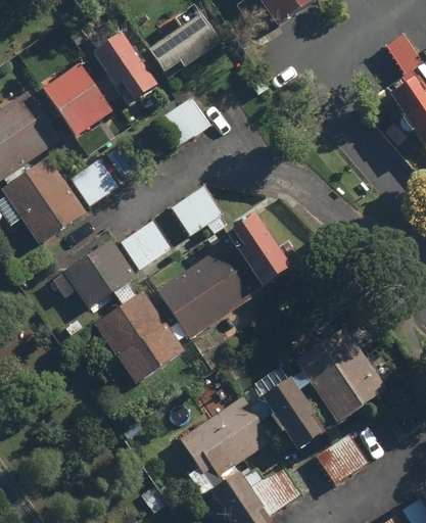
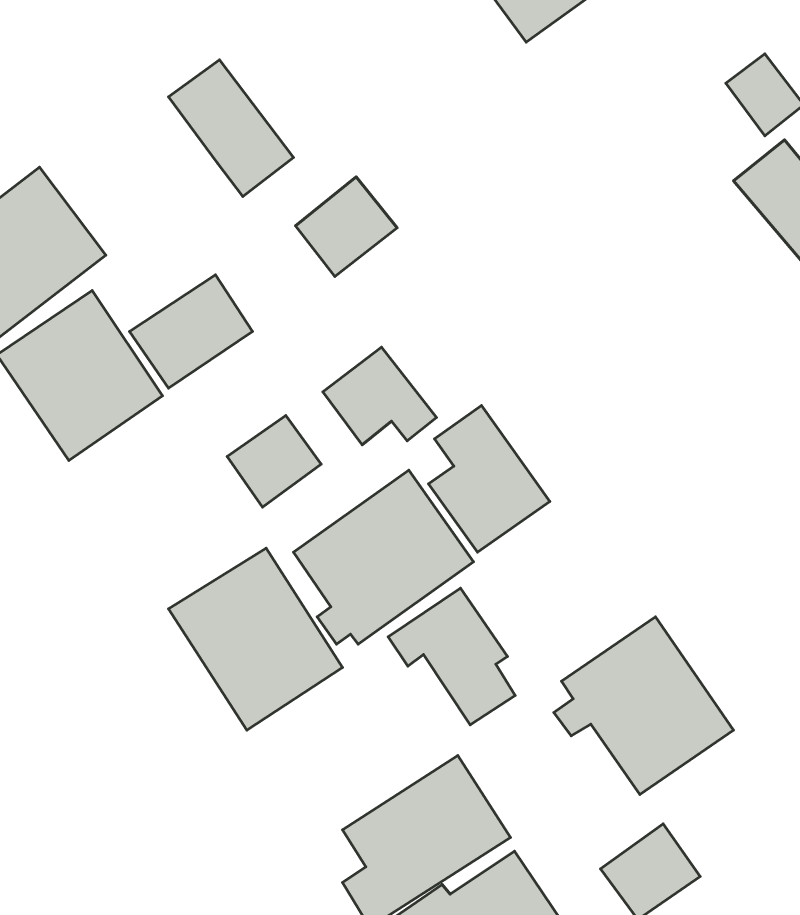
building: [142,12,220,77] -> none
building: [41,65,110,138] -> none
building: [68,238,137,303] -> none
building: [253,378,320,449] -> [388,588,515,725]

